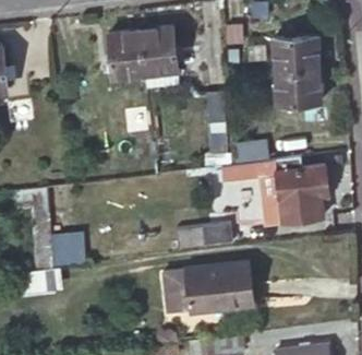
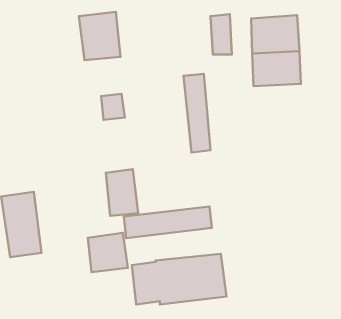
building: [141,27,178,75] -> none
building: [234,157,328,222] -> none
building: none -> [106,169,138,216]
building: none -> [88,233,128,272]

